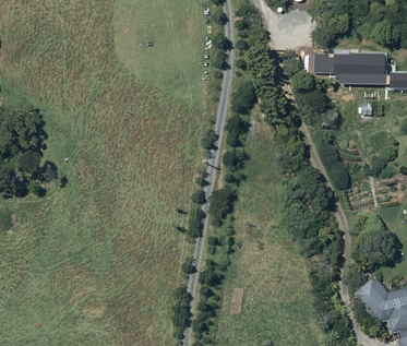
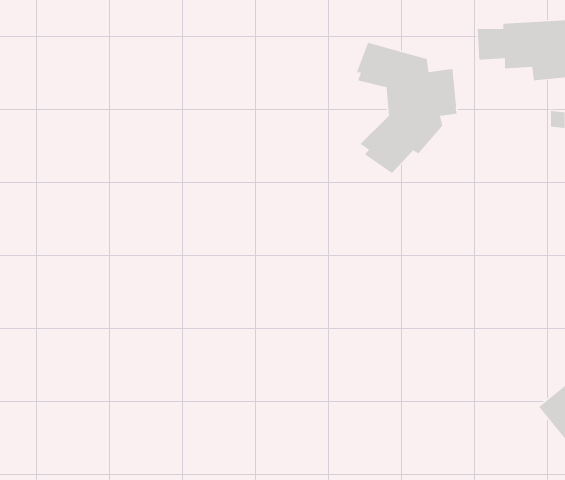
building: none -> [356,42,457,174]

